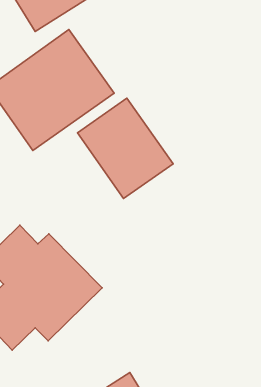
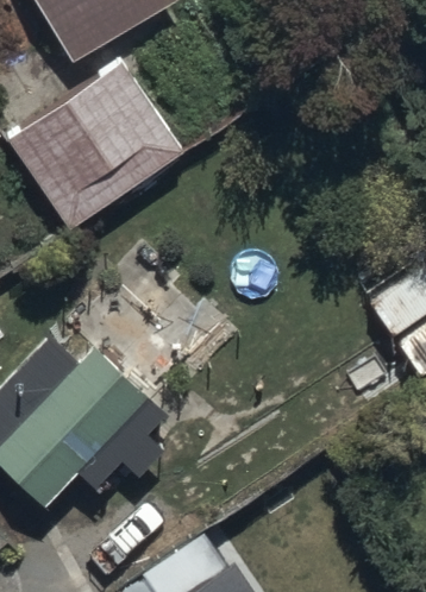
building: [78,98,173,198] -> none

